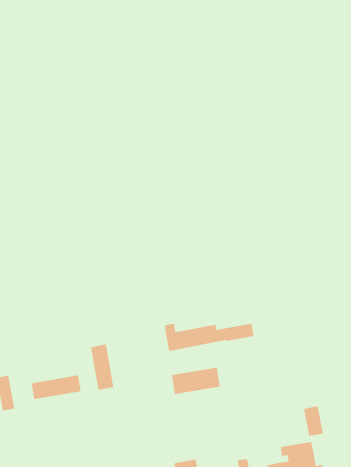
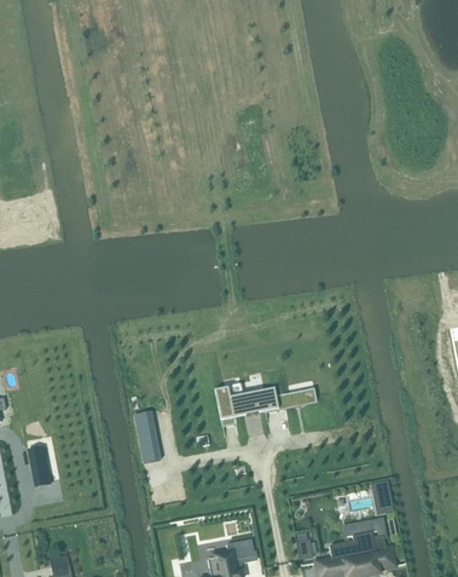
building: [172,367,220,395] -> none
building: [31,374,81,400] -> none

